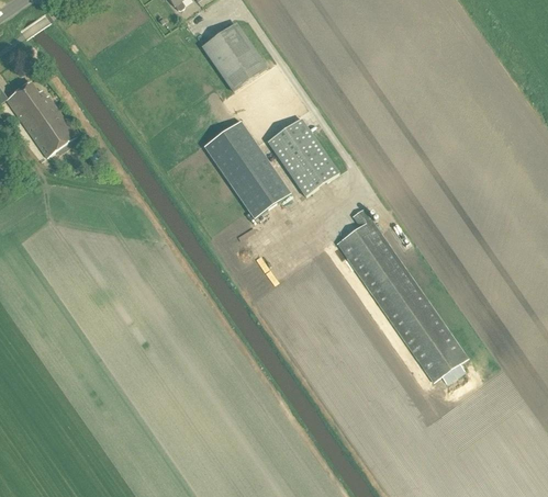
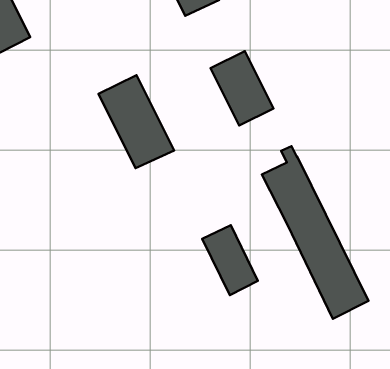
building: [202,121,289,217] -> [99,75,174,168]
building: none -> [202,225,258,295]

